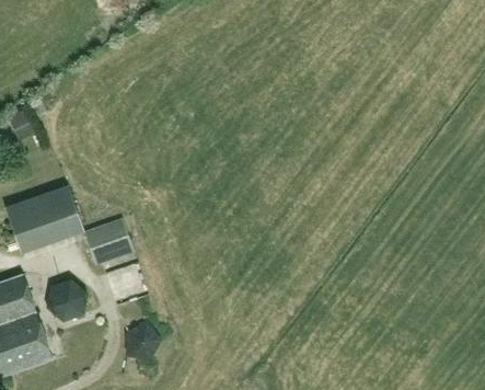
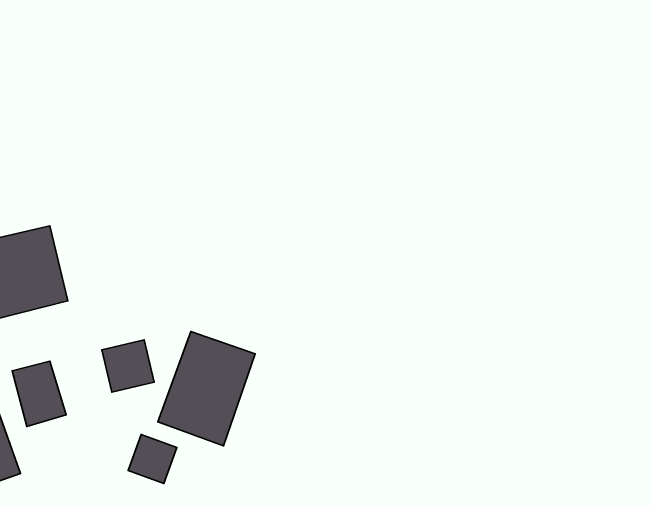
building: [83,216,135,263] -> none
building: none -> [158,331,255,446]

